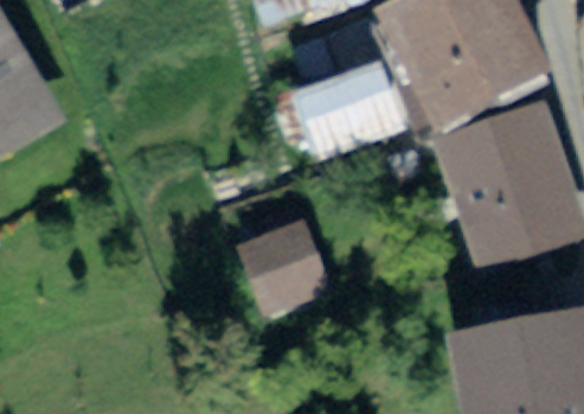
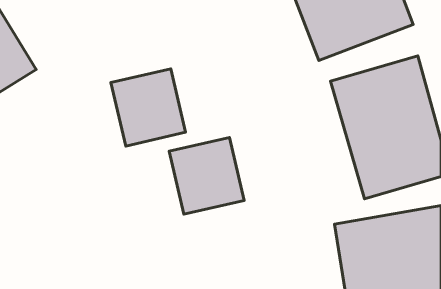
building: [303,65,406,166] -> none
building: none -> [111,69,186,146]

